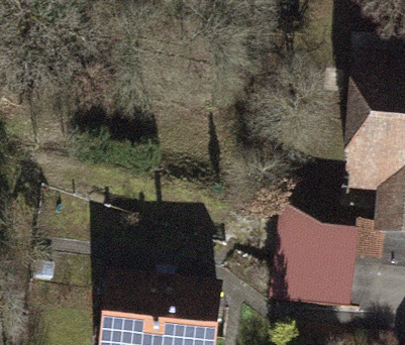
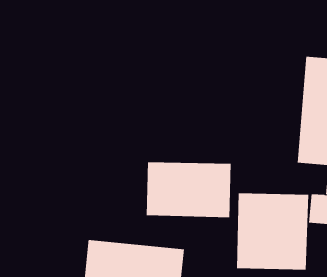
building: none -> [146,162,231,218]

